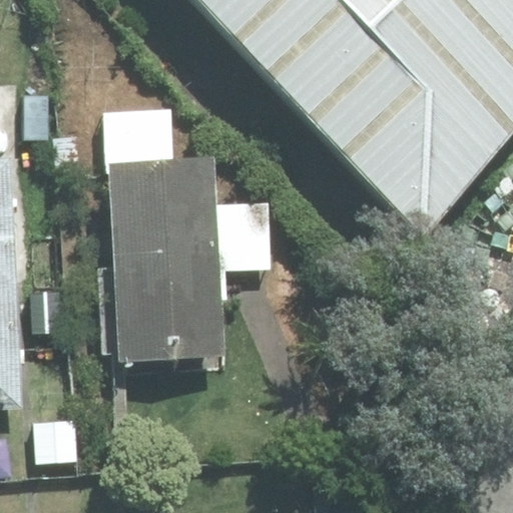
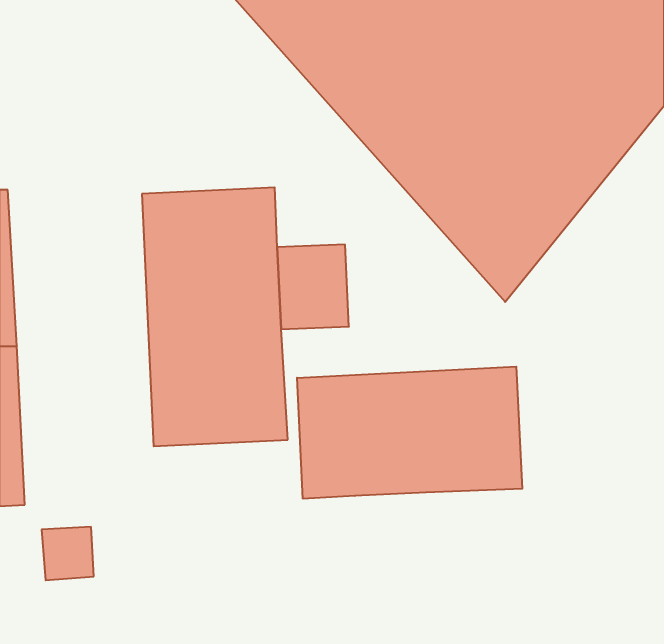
building: none -> [297,367,522,499]

